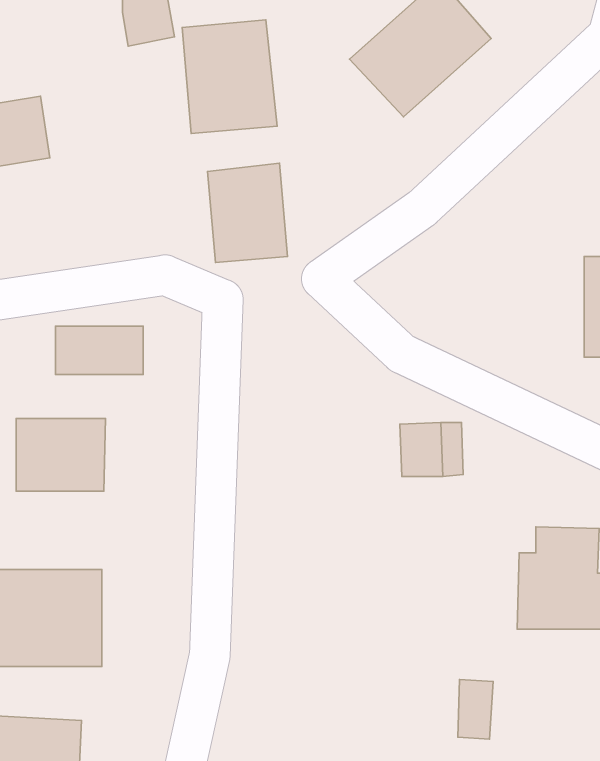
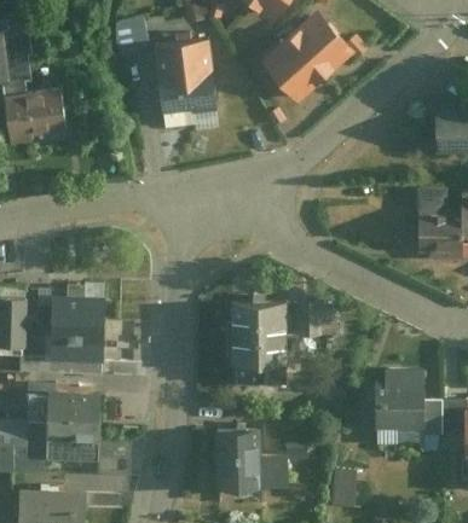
building: [207,163,288,263] -> none
building: [55,326,143,375] -> [46,345,103,377]
building: none -> [231,301,287,385]
building: none -> [215,431,287,487]

